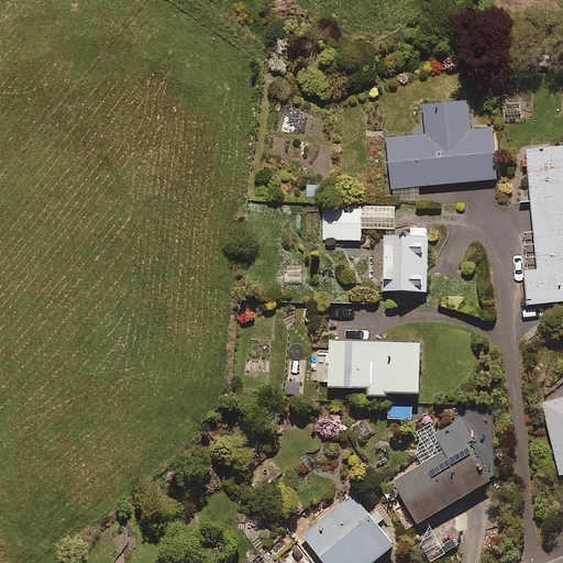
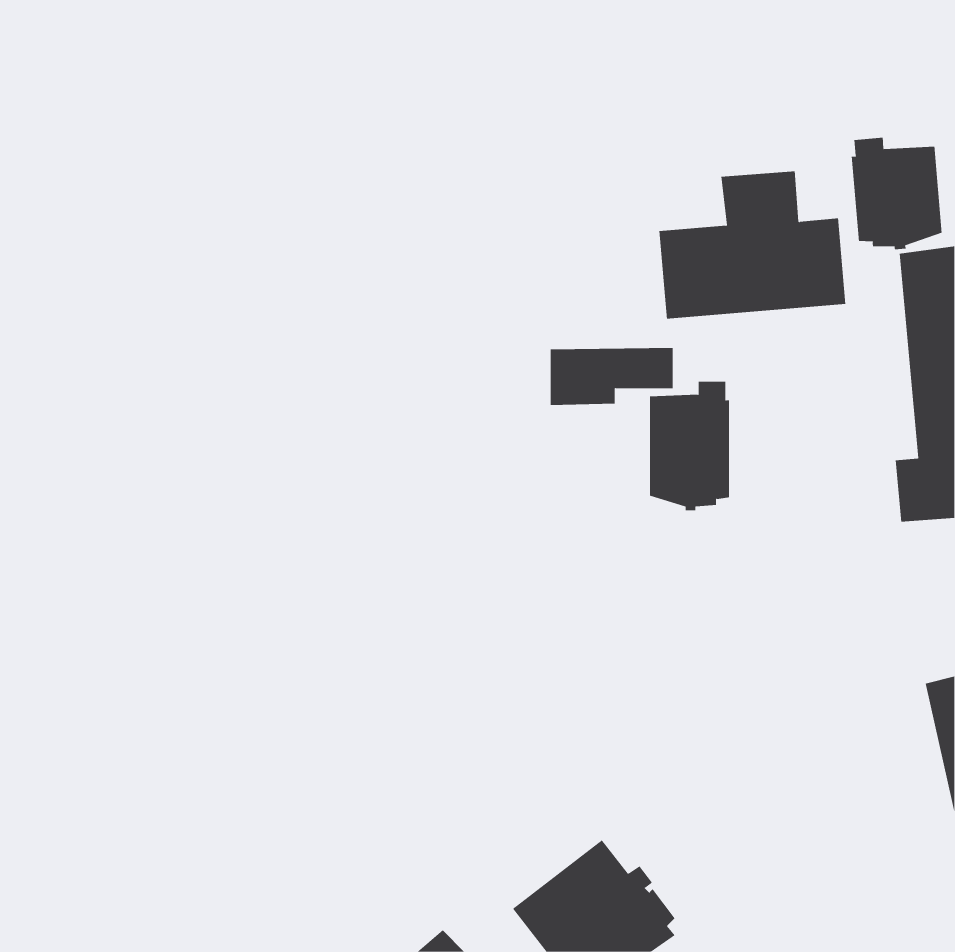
building: none -> [851,137,942,250]
building: [329,344,420,397] -> none
building: [393,420,494,525] -> none

